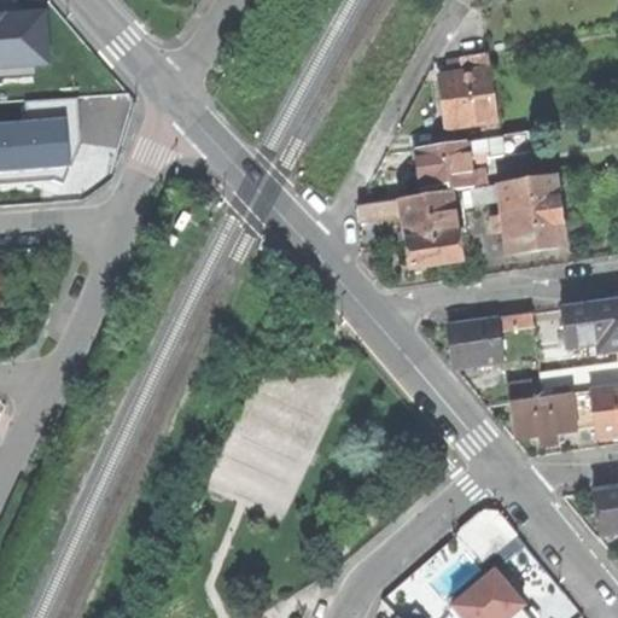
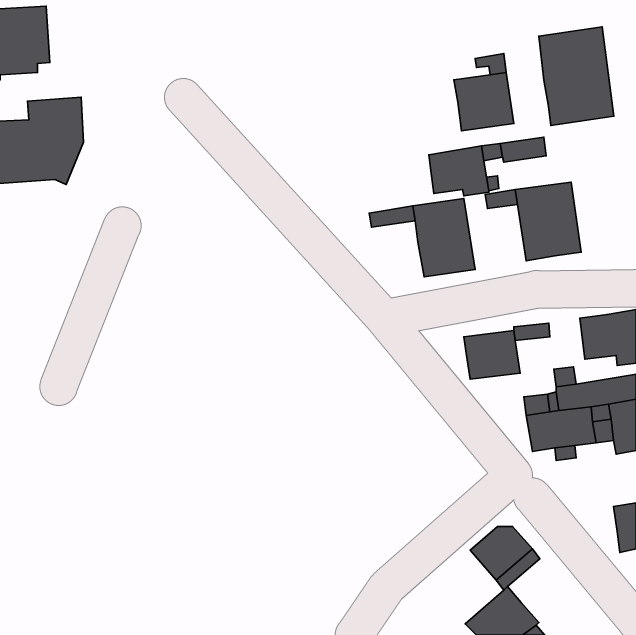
building: none -> [539,27,614,125]

